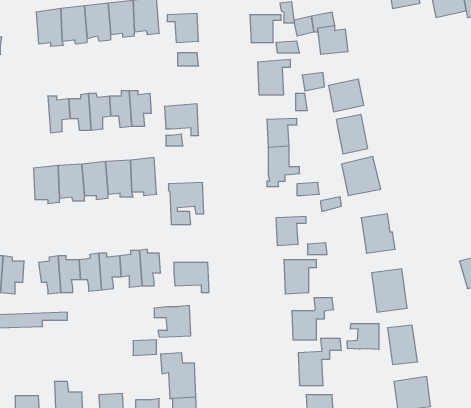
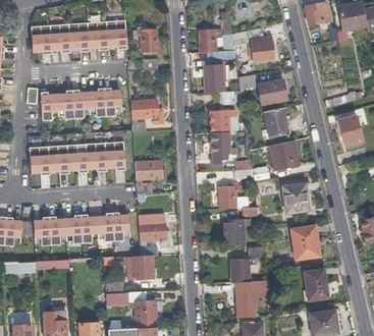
building: none -> [337,113,363,147]
building: [347,323,379,350] -> none

